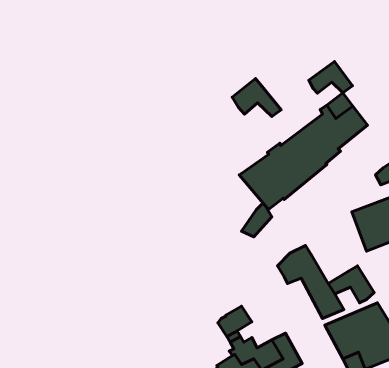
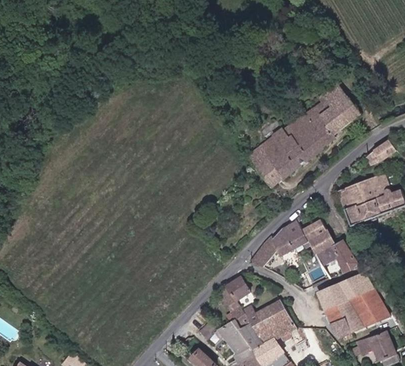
building: [309,61,353,93] -> none
building: [232,78,281,117] -> none
building: [242,203,272,237] -> [253,237,280,267]
building: none -> [304,220,337,255]

